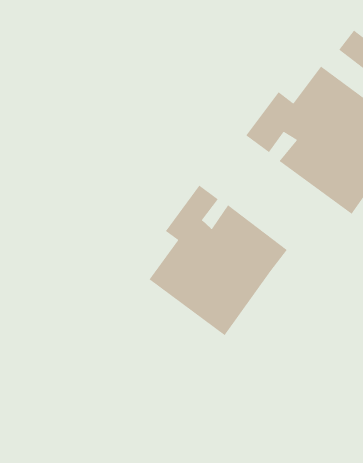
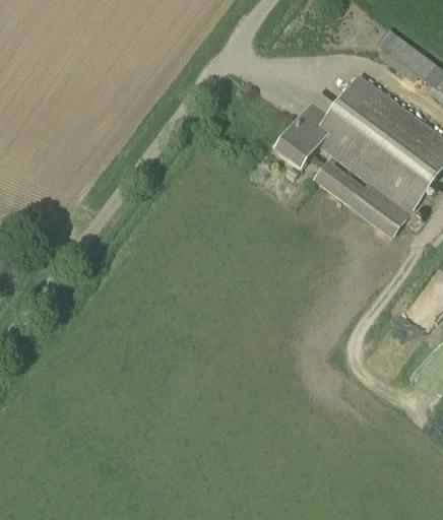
building: [148,184,288,336] -> none

